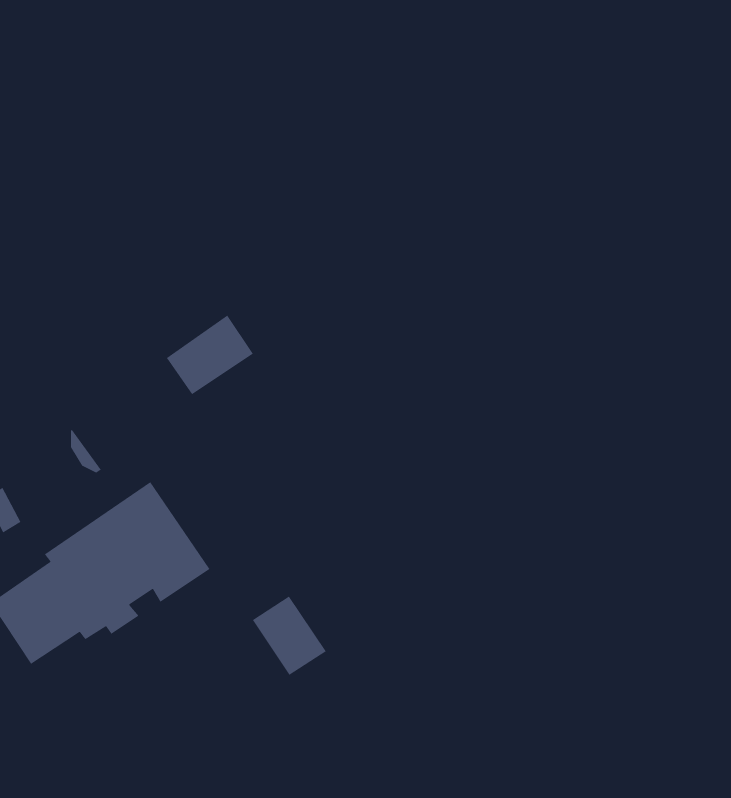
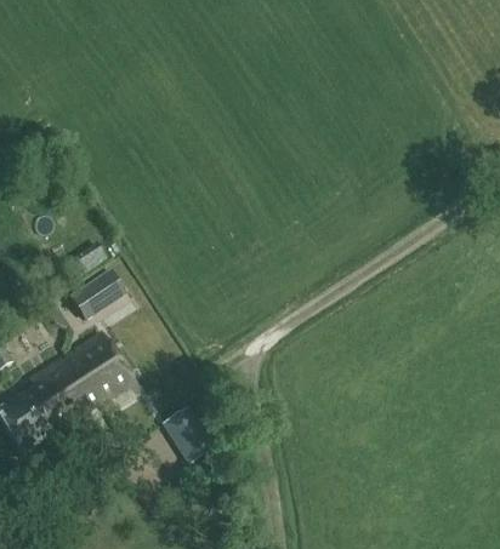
building: [166,315,254,395] -> [69,268,126,320]

